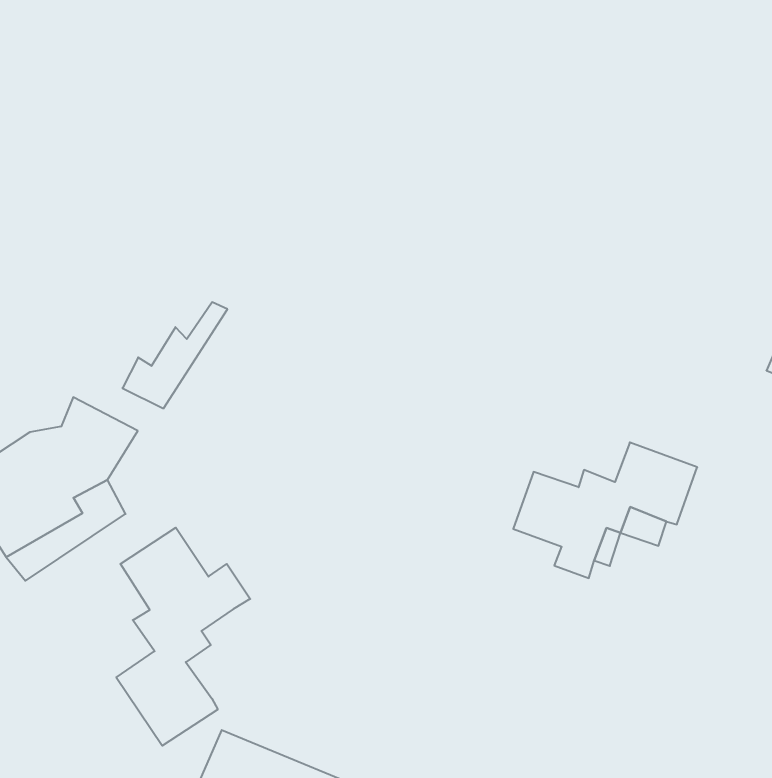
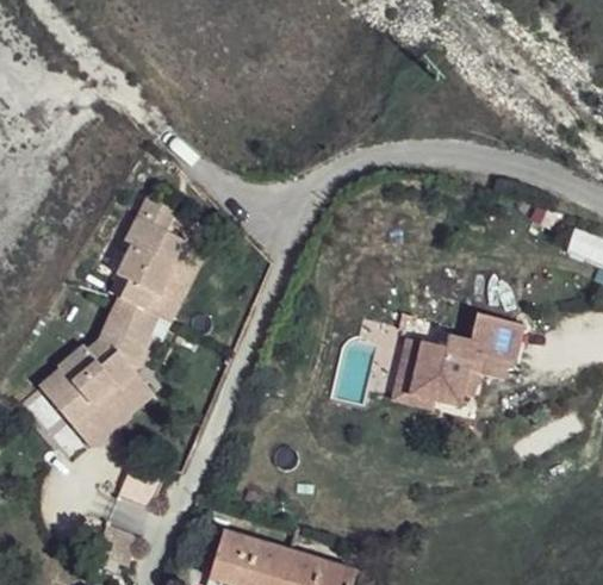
building: none -> [116,217,192,310]
building: none -> [393,335,441,406]
building: [116,528,250,746] -> none

